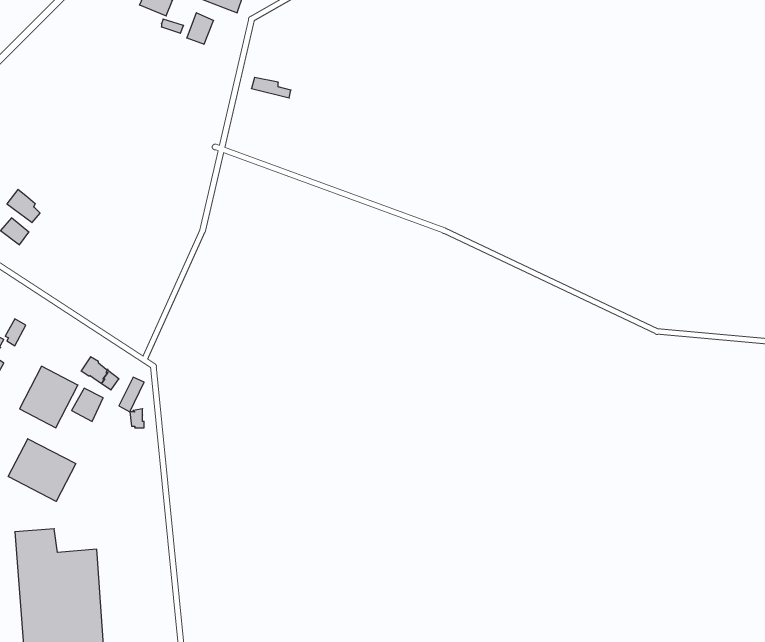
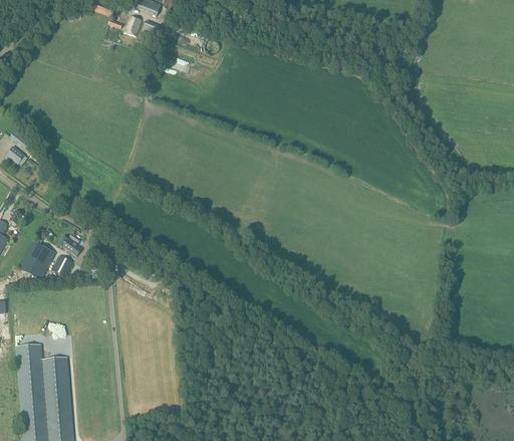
building: [8,439,76,501] -> none

